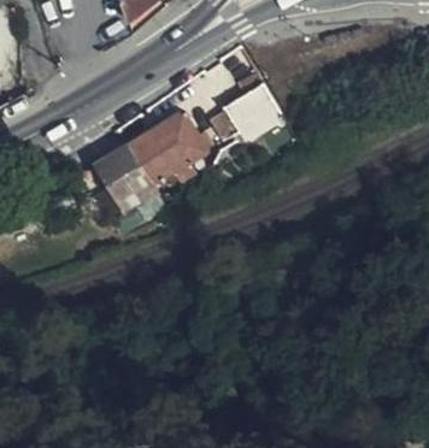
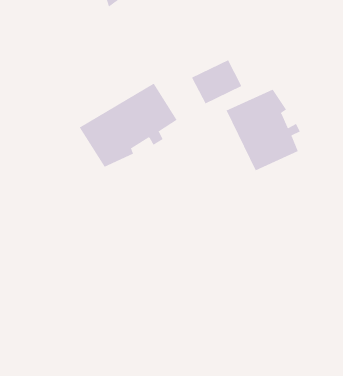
building: none -> [226,89,300,171]

